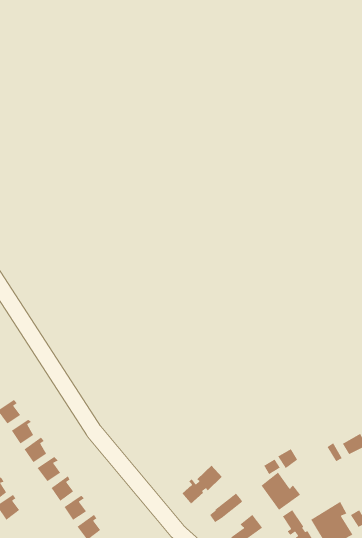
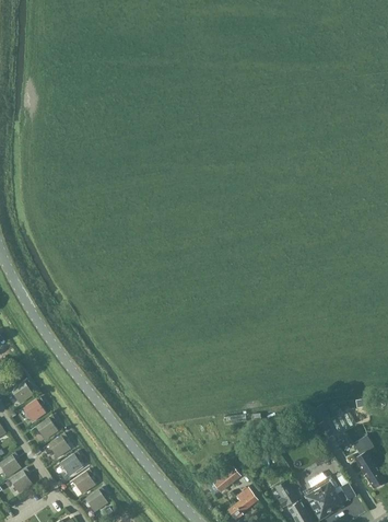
building: [182,465,223,504] -> none
building: [261,471,301,511] -> none

